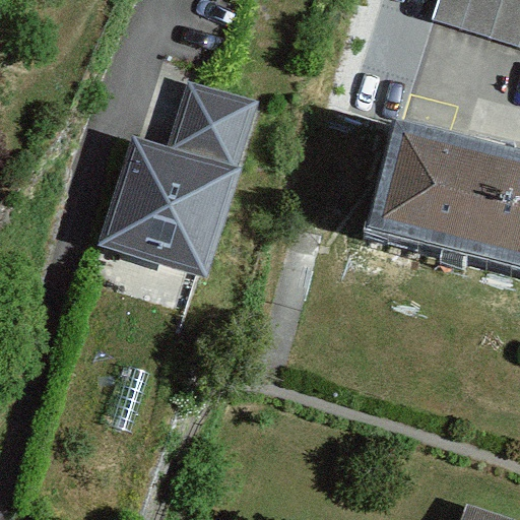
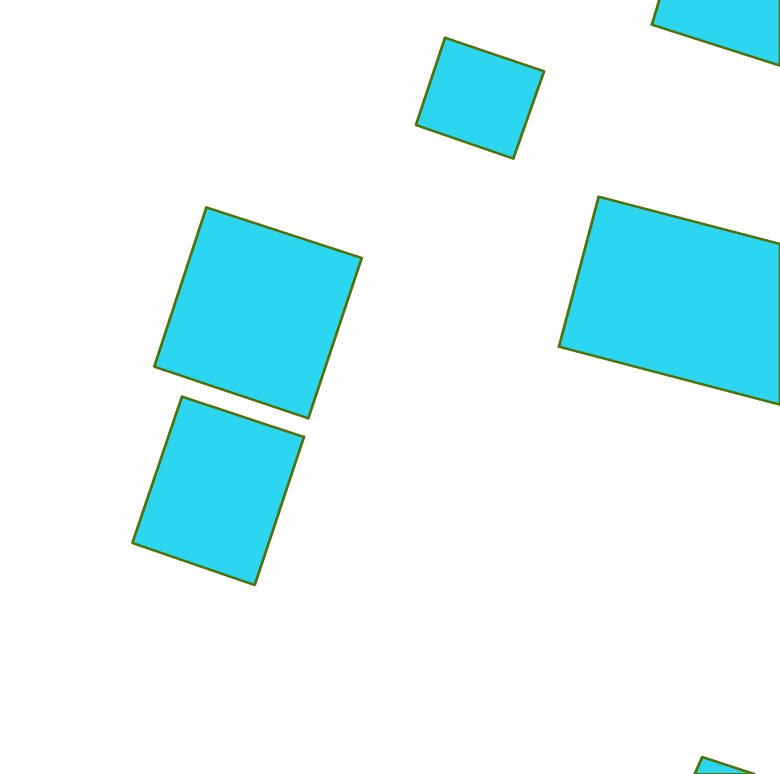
building: [171,81,256,161] -> [416,38,544,158]
building: none -> [133,397,304,585]

